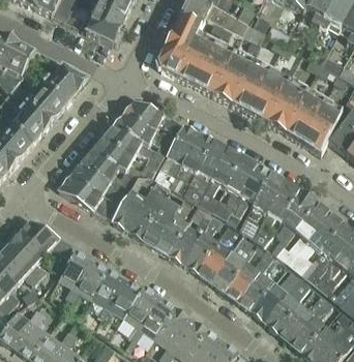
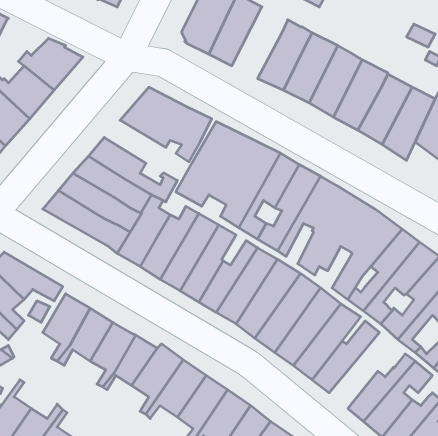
building: [195,42,235,94] -> none
building: [102,124,164,168] -> none
building: [265,277,311,332] -> none

